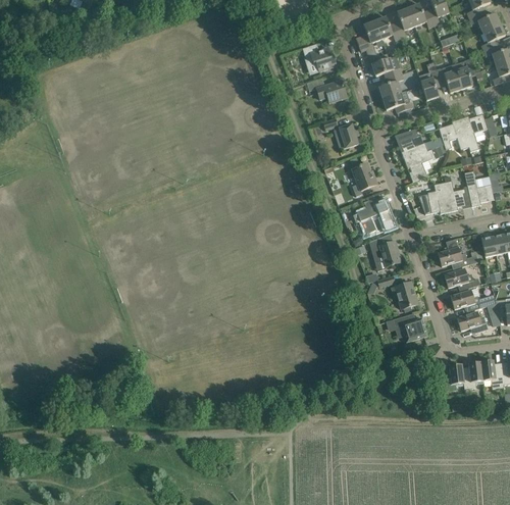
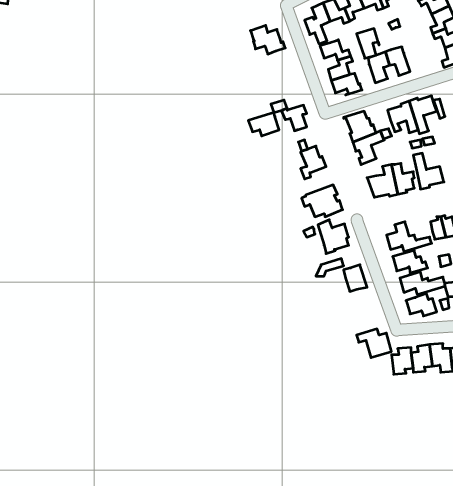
building: [453,59,475,89] -> [357,29,379,58]
building: [316,80,347,103] -> [248,112,279,136]
building: [393,313,427,342] -> [357,329,391,358]

